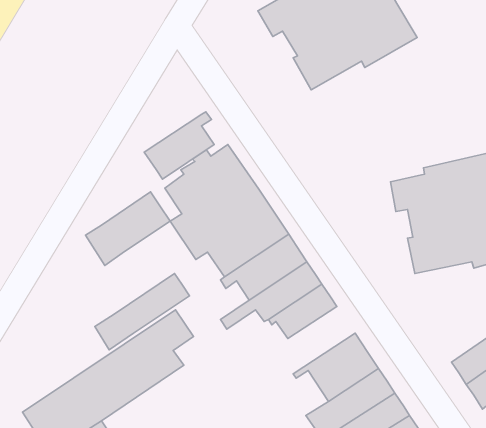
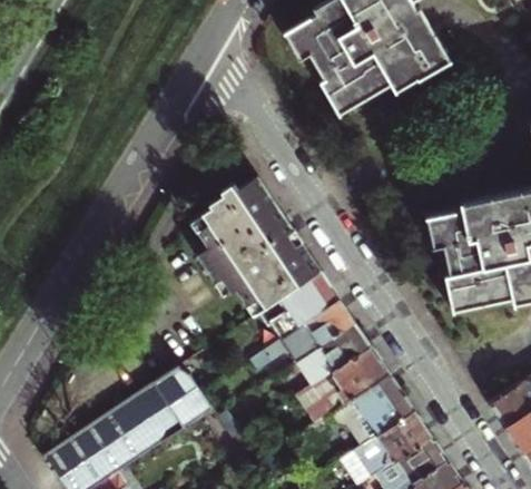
building: [144,112,214,179] -> none
building: [85,192,170,265] -> none
building: [95,273,190,350] -> none
building: none -> [302,346,390,419]

